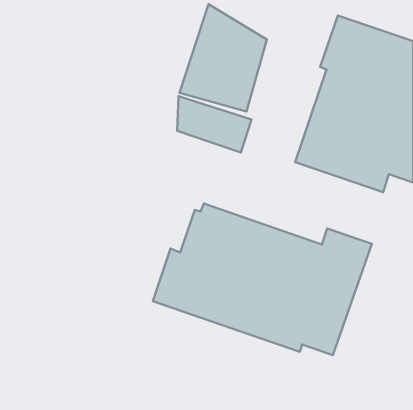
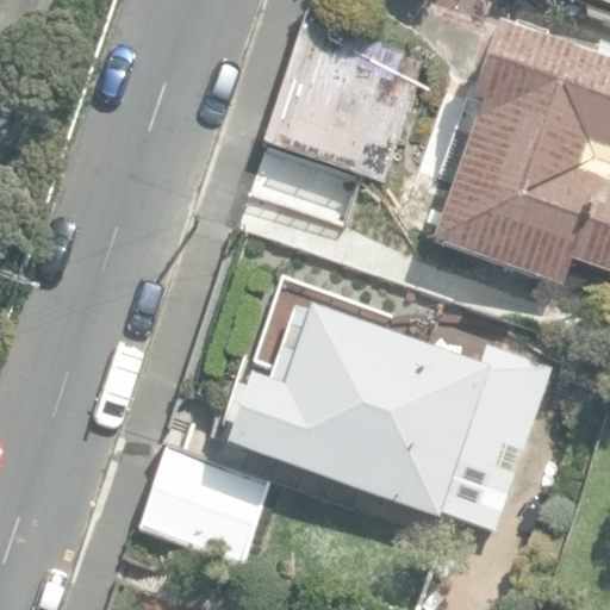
building: none -> [141,446,274,559]

